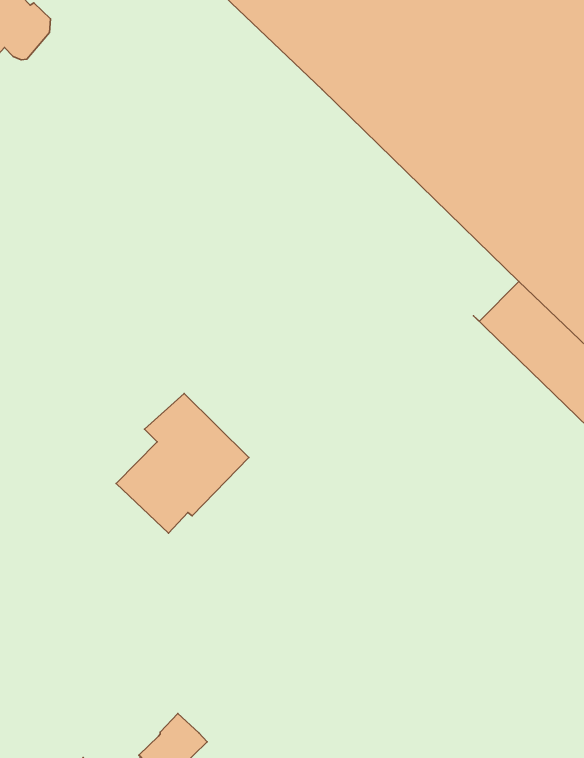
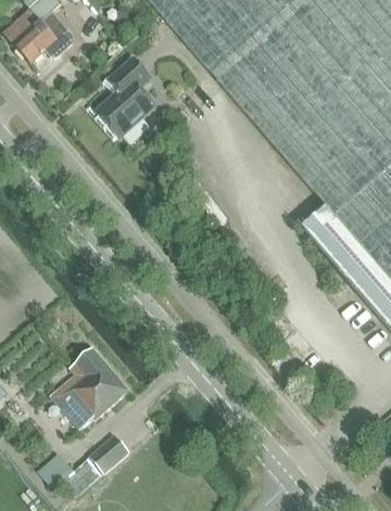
building: none -> [97,58,155,135]
building: [116,393,249,533] -> [53,349,129,427]

